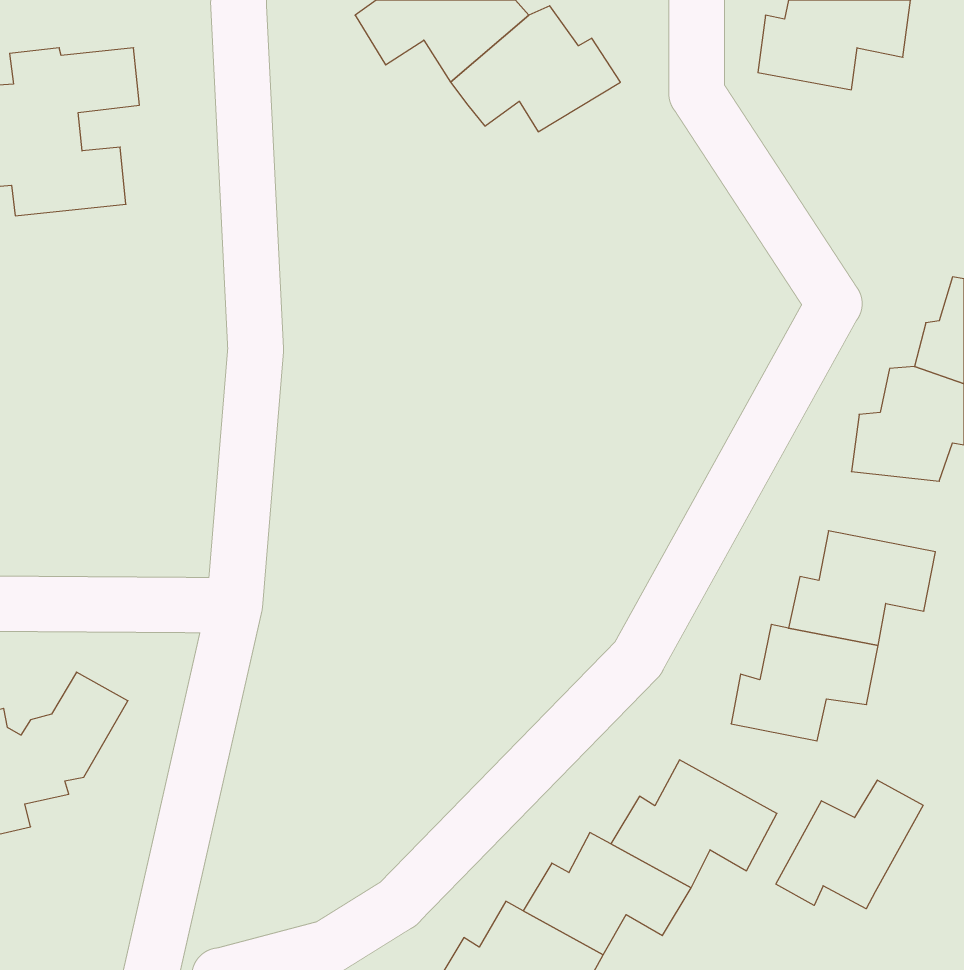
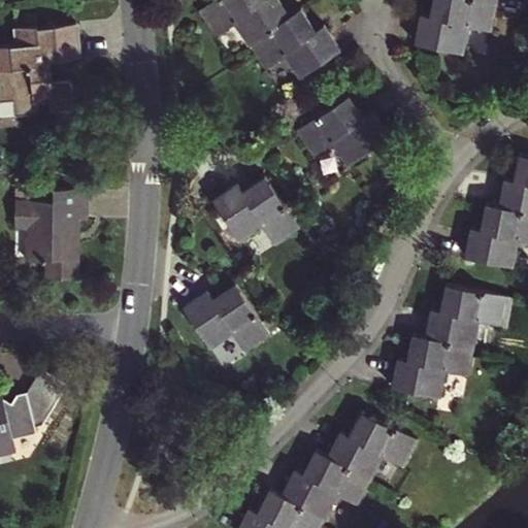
building: none -> [292,90,385,163]
building: none -> [207,174,295,245]
building: none -> [14,187,88,276]
building: none -> [191,288,277,355]
building: [776,780,923,909] -> none

